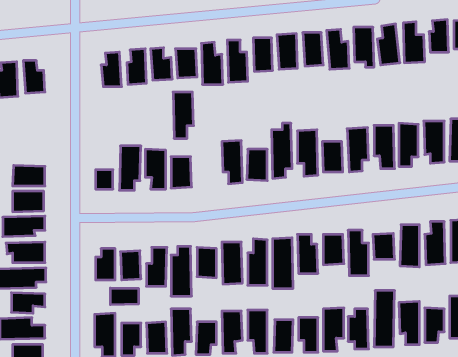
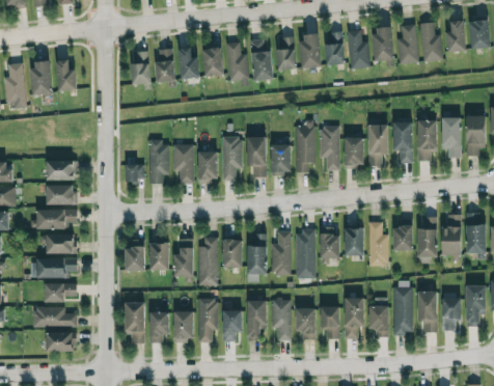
building: [173,92,194,138] -> [222,136,242,181]
building: [110,288,138,305] -> none

